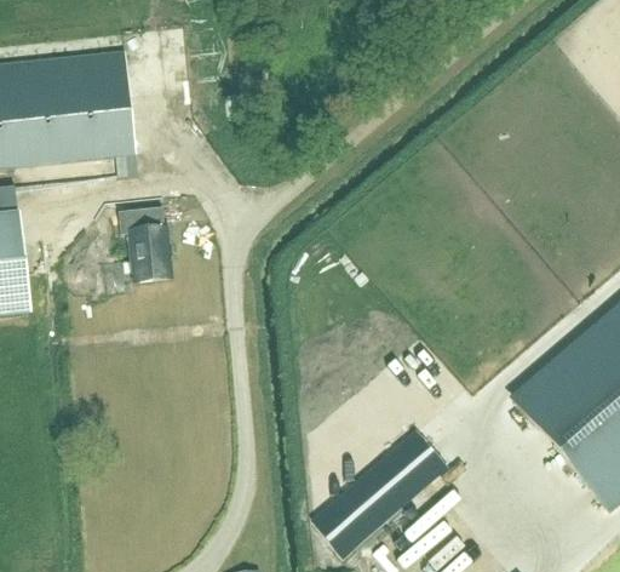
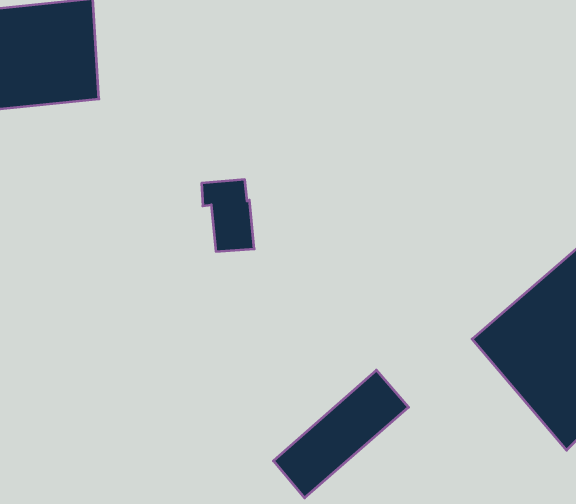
building: [117,206,171,279] -> [202,180,254,251]

